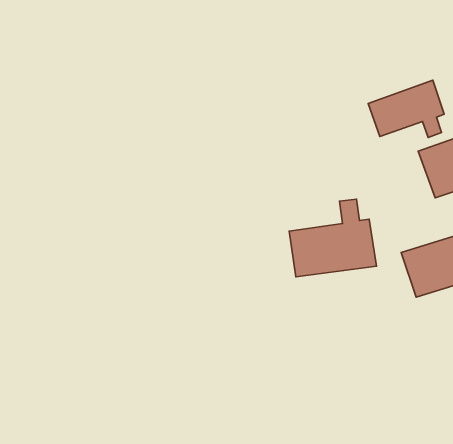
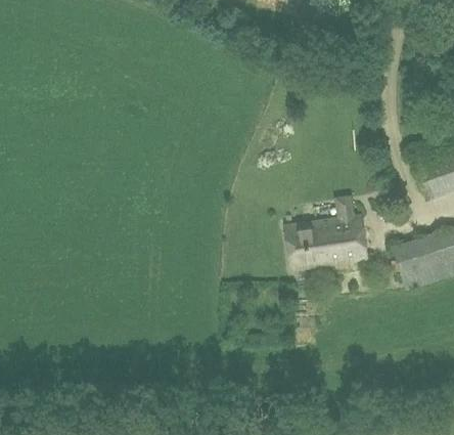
building: [368,80,444,137] -> none

